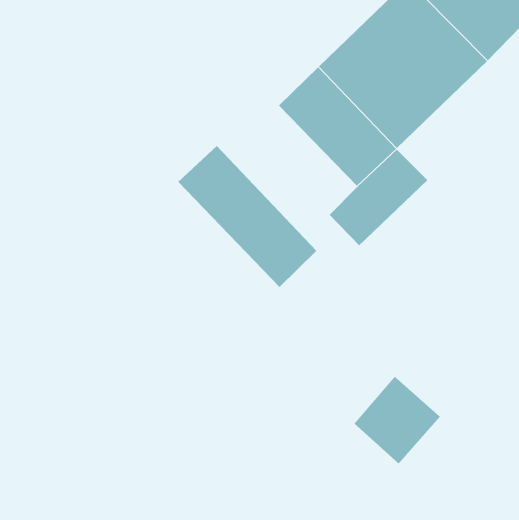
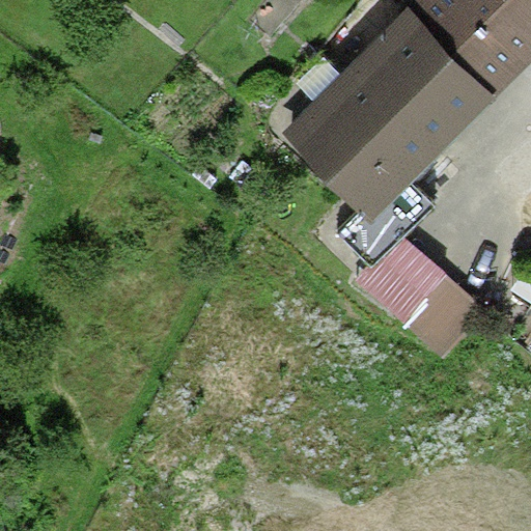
building: [178,145,317,288] -> none
building: [353,376,441,464] -> [395,267,479,352]

